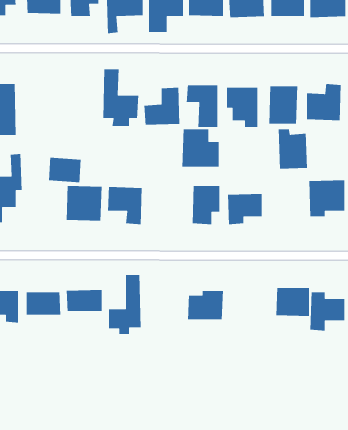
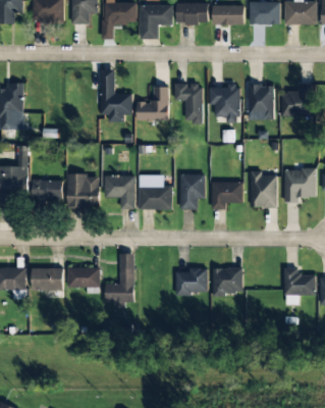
building: [278,128,308,170] -> [251,170,277,207]
building: [182,129,219,167] -> [139,174,172,209]
building: [48,157,81,183] -> [33,178,62,202]
building: [275,287,310,317] -> [212,267,242,294]

